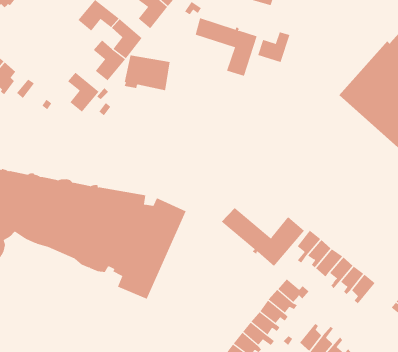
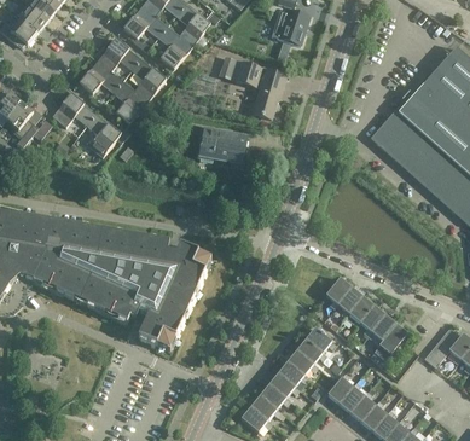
building: none -> [77,58,122,93]
building: [258,31,290,63] -> none
building: none -> [51,92,94,126]
building: [124,55,170,91] -> [198,127,246,164]
building: [221,207,305,267] -> none

